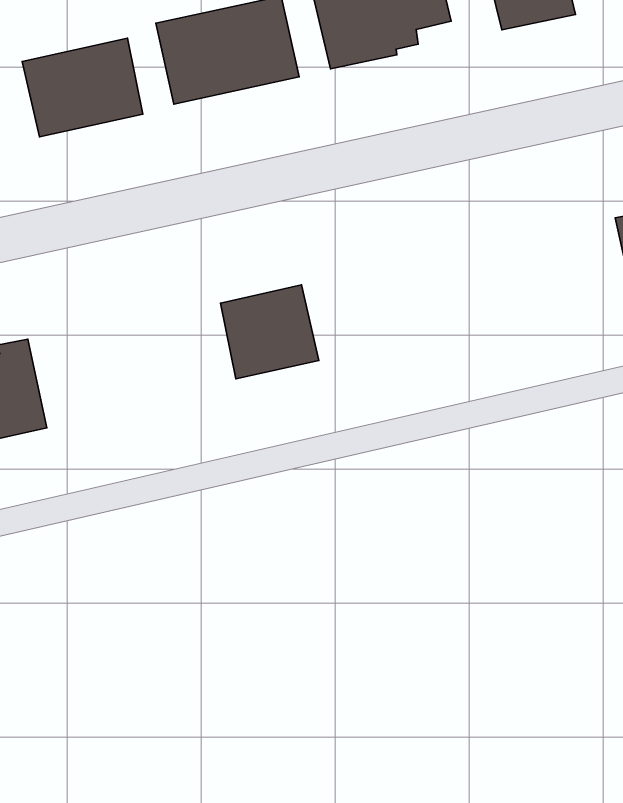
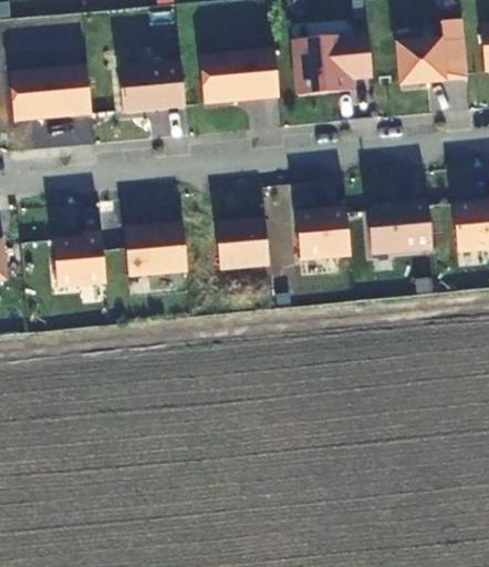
building: none -> [367,200,431,254]
building: none -> [295,207,350,259]
building: none -> [124,221,187,276]

